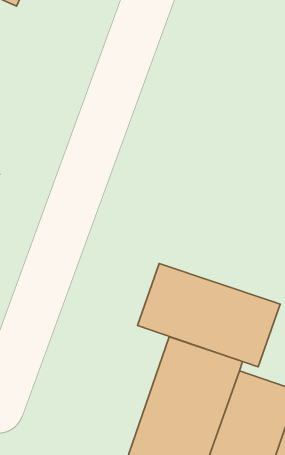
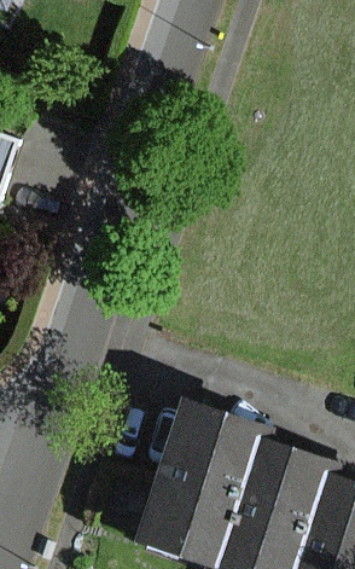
building: [138,263,280,367] -> none

